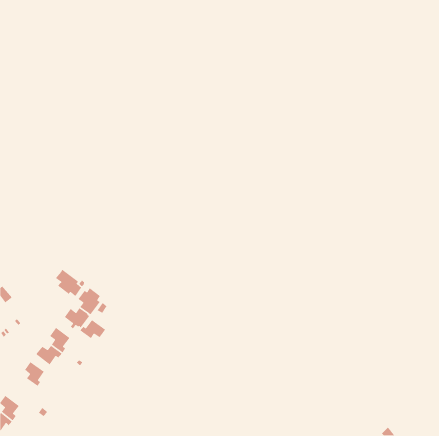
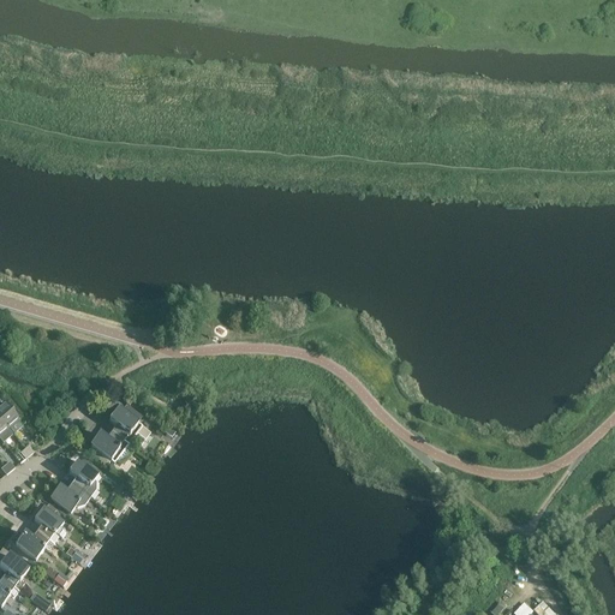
building: [55,269,82,297] -> none
building: [79,319,106,339] -> none
building: none -> [14,529,53,557]

